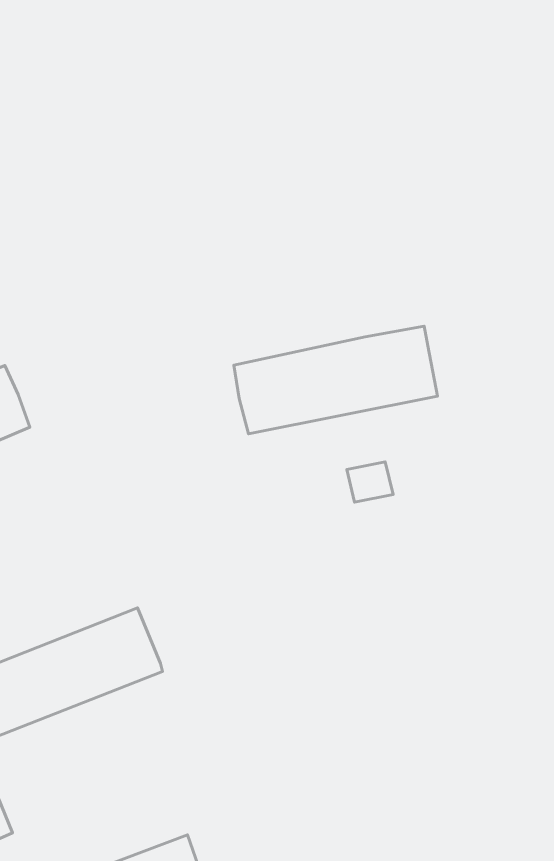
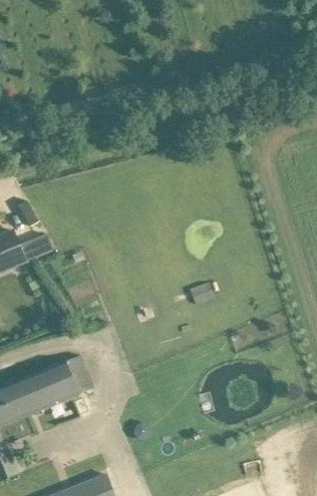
building: [234,326,438,434] -> none
building: none -> [19,232,54,262]

